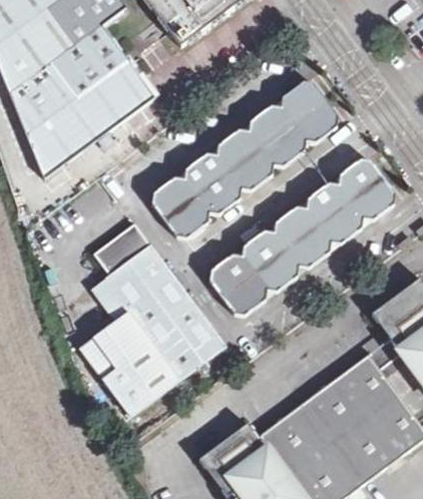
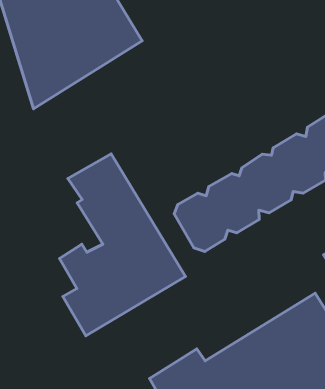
building: [150,81,339,237] -> none

